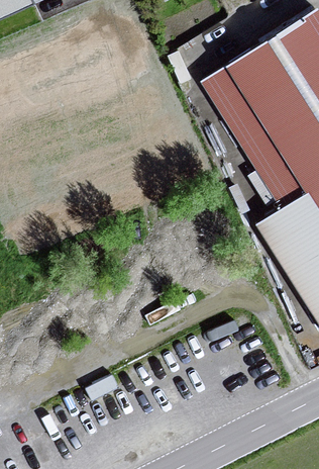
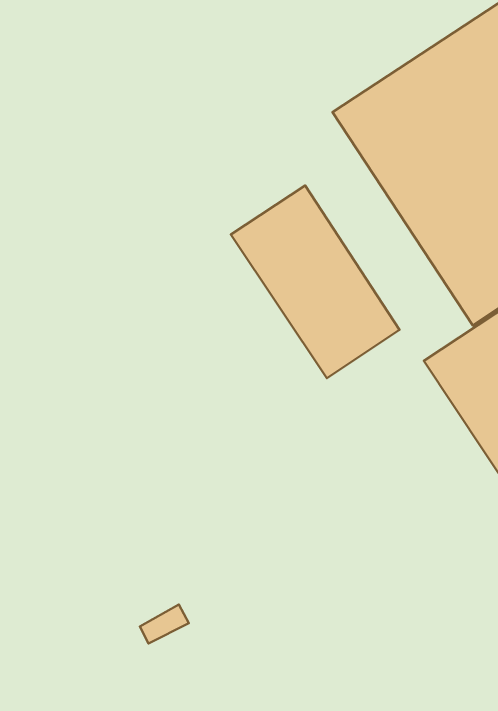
building: none -> [231,185,399,378]

